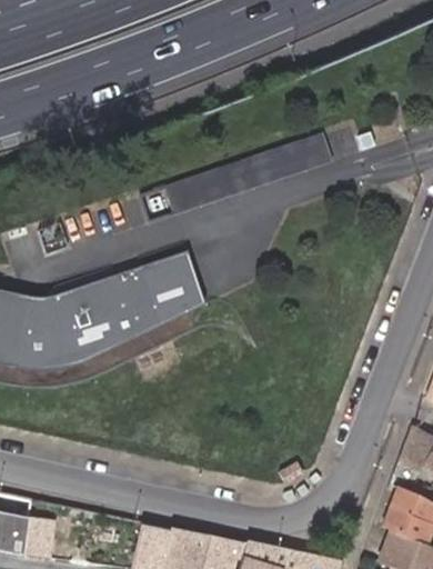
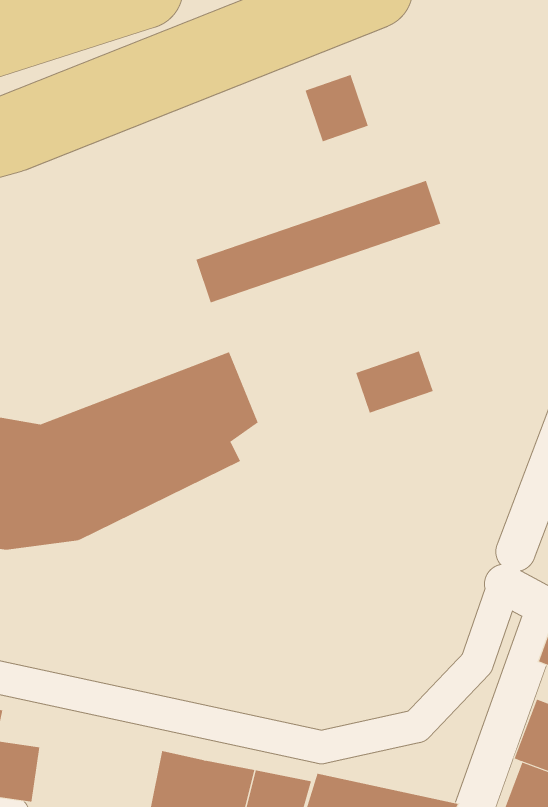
building: none -> [305,74,369,142]
building: none -> [355,351,433,414]

